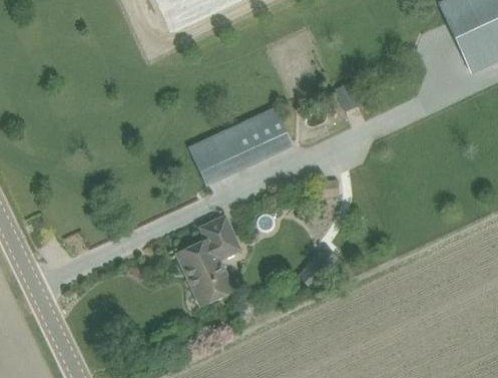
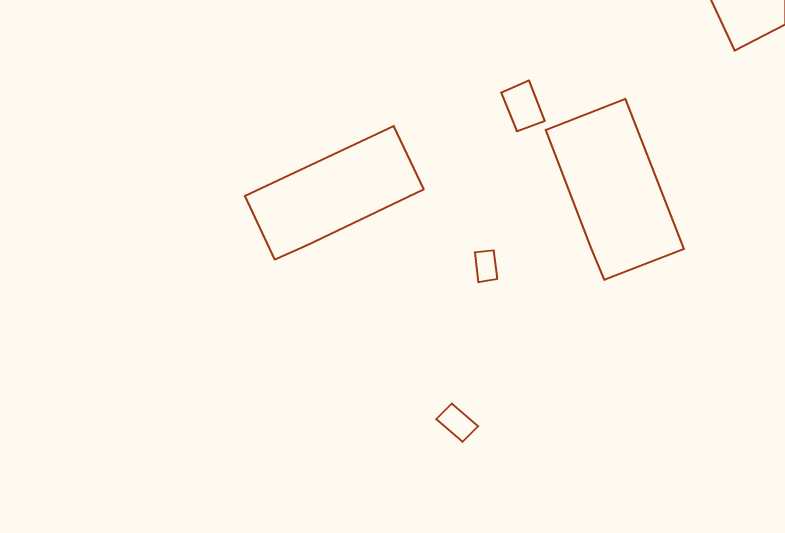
building: none -> [546,99,684,280]
building: [177,218,239,306] -> none

